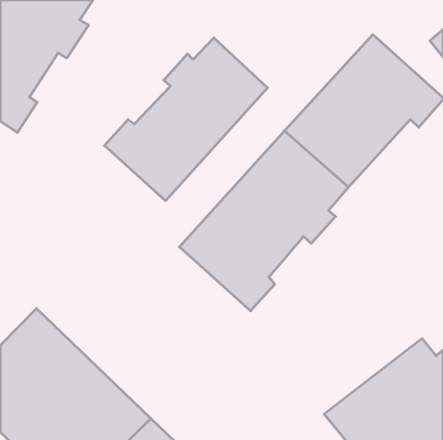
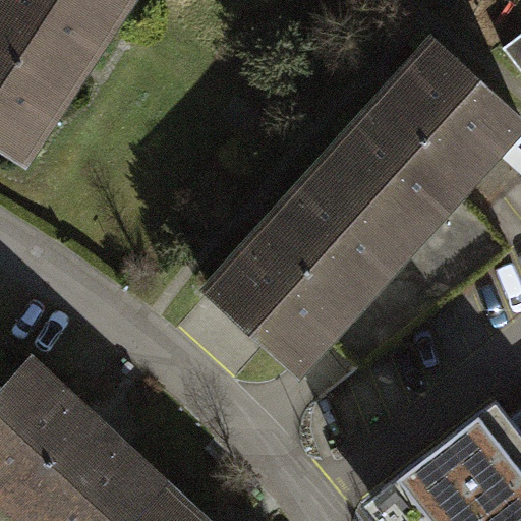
building: [104,38,268,201] -> none

